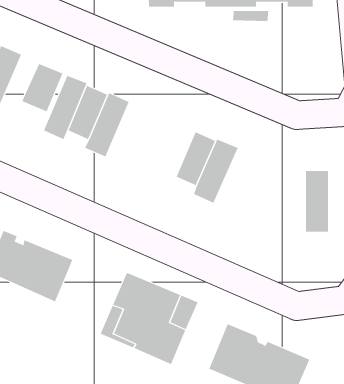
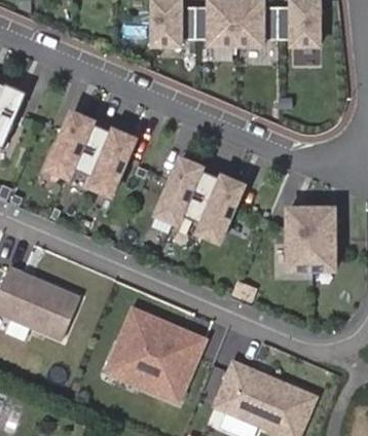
building: [22,63,63,112] -> none
building: none -> [156,157,201,222]
building: none -> [288,207,310,268]

